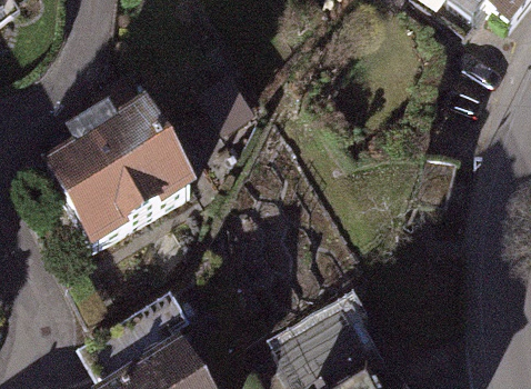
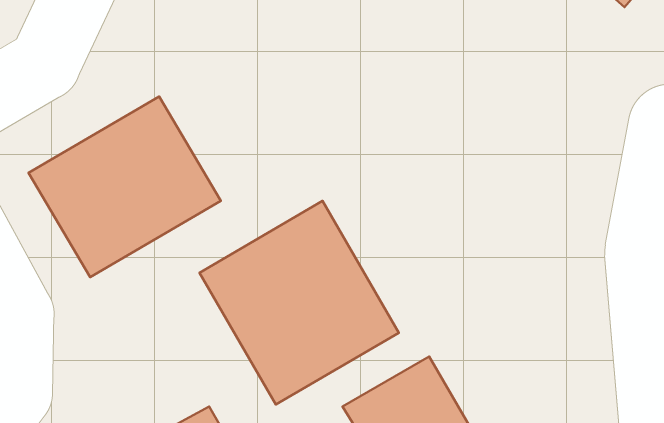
building: none -> [200,201,399,405]

